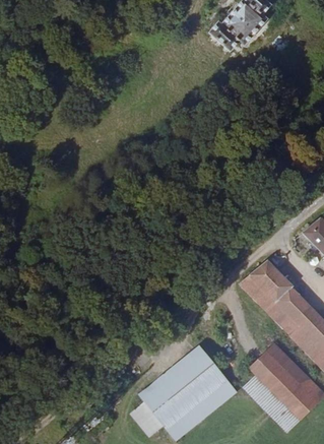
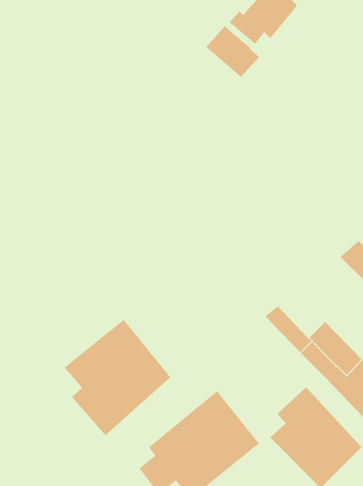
building: none -> [205,25,260,78]
building: [251,259,294,301] -> none
building: none -> [63,319,171,436]

